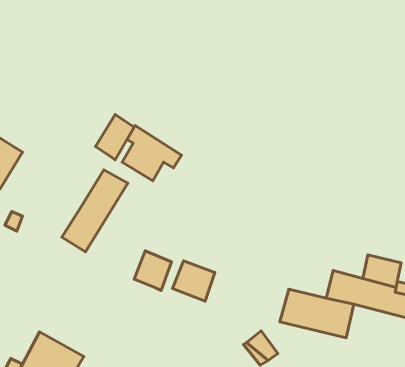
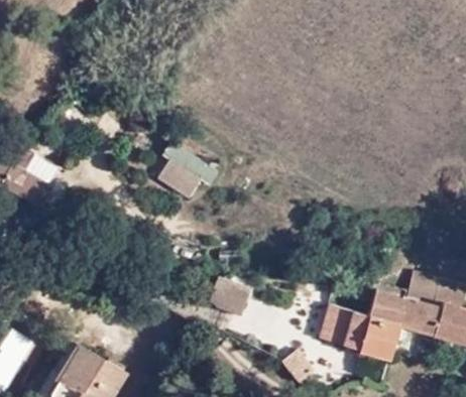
building: [95,114,134,160] -> none
building: [62,170,128,252] -> none
building: [134,251,171,291] -> none

